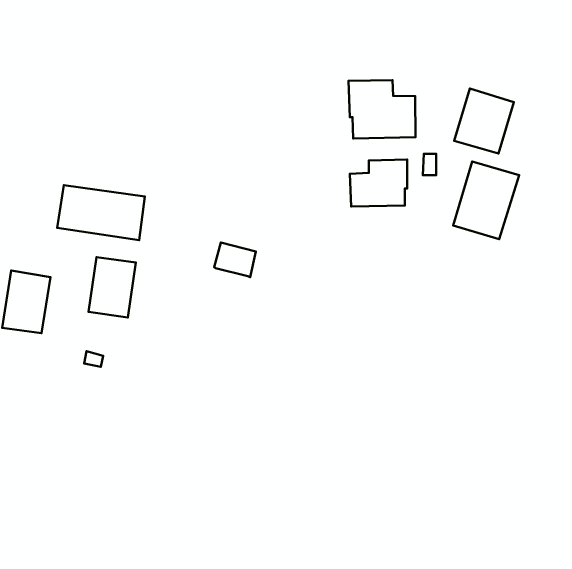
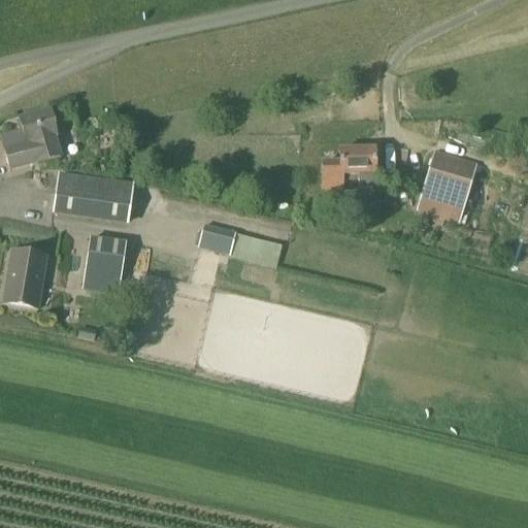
building: [348,80,416,138] -> none
building: [454,88,514,154] -> none
building: none -> [5,105,61,168]

